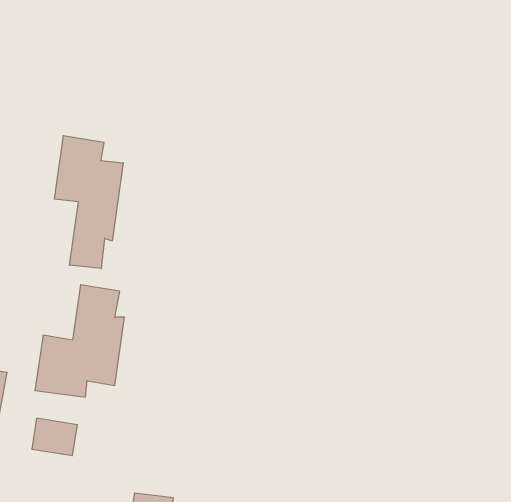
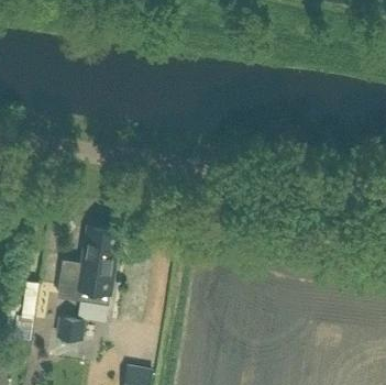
building: [55,136,123,269] -> none

